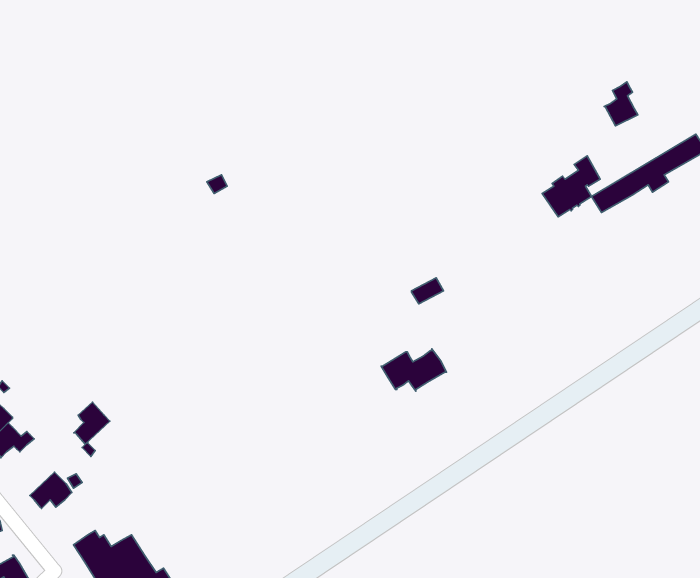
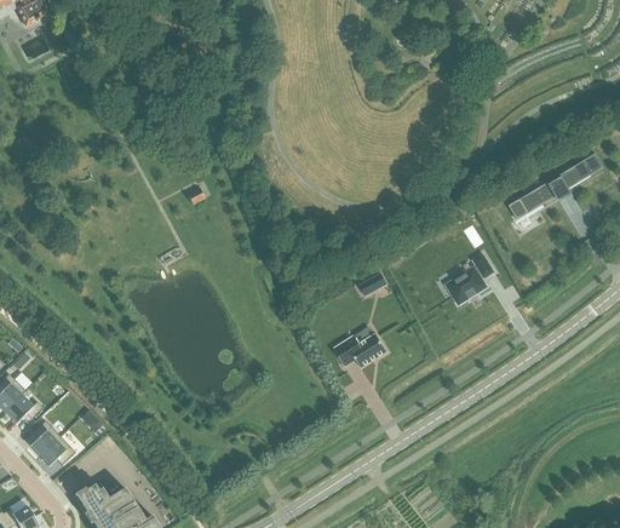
building: [604,82,638,126] -> none
building: [542,156,600,217] -> [444,252,493,303]
building: [74,402,110,444] -> [29,419,59,454]

